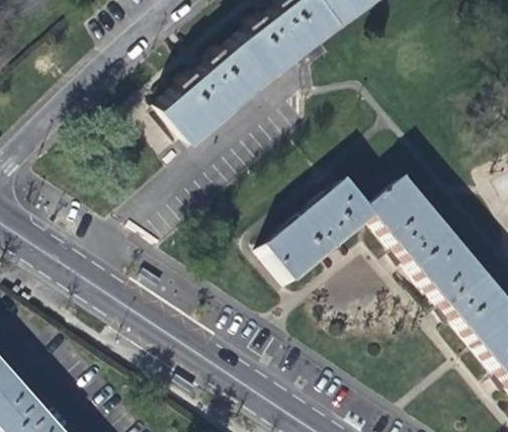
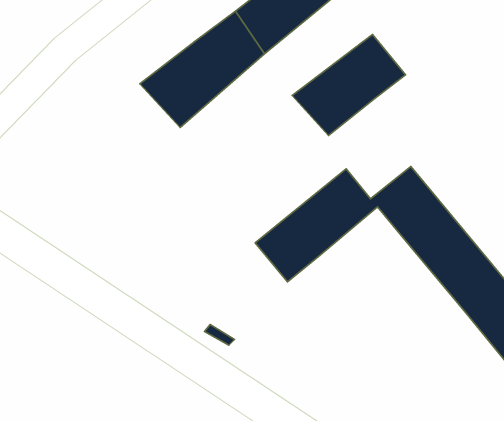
building: none -> [292,34,406,136]

